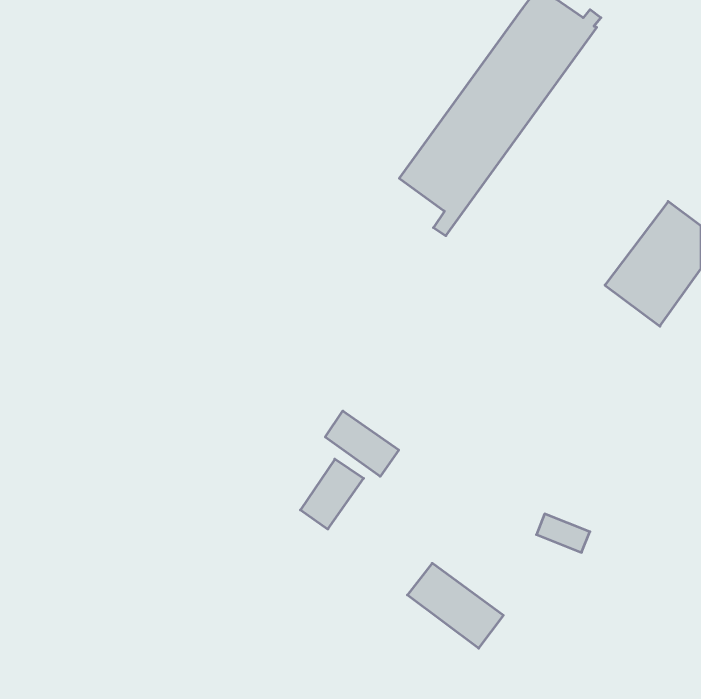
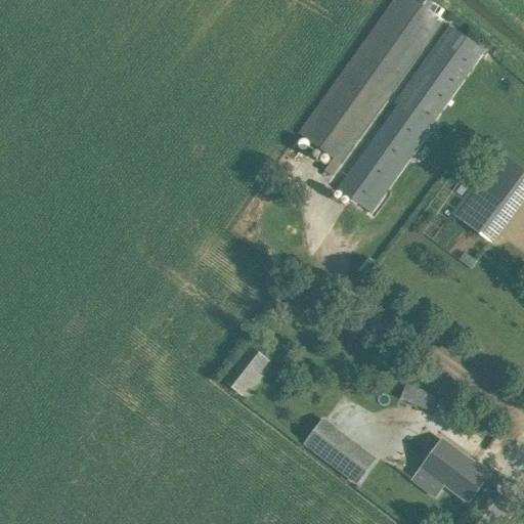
building: none -> [337,24,485,212]
building: [325,411,399,476] -> none
building: none -> [413,439,489,501]

